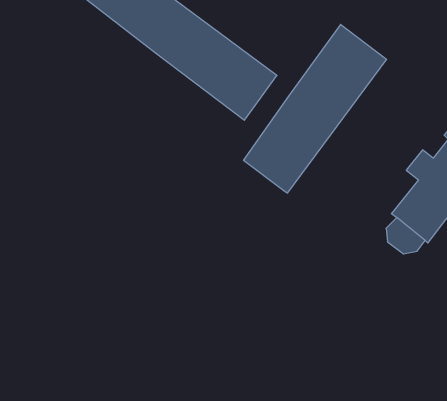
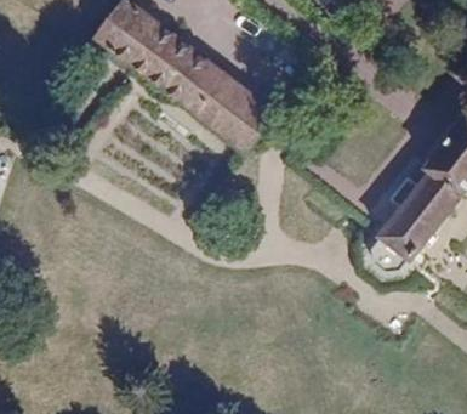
building: [244,24,387,193] -> none

